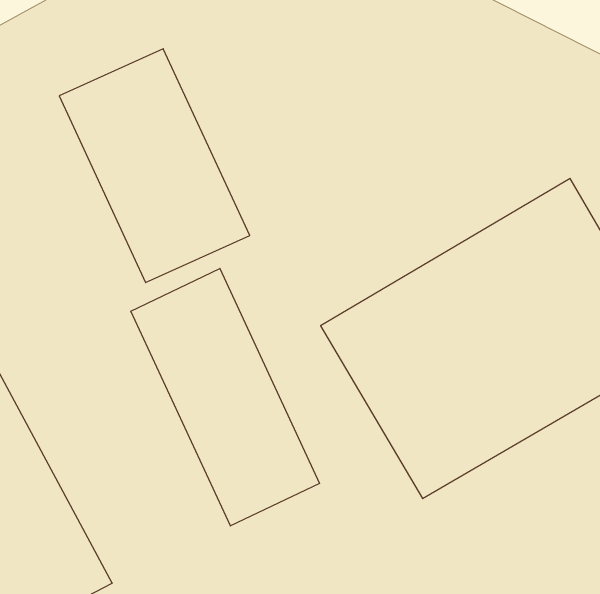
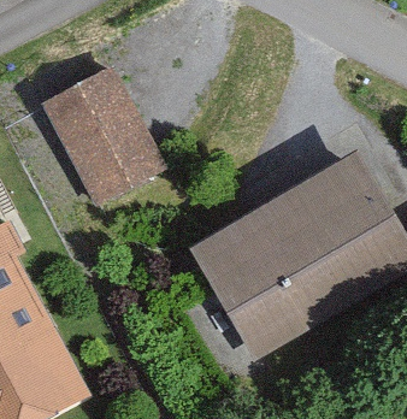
building: [131,268,320,526] -> none

